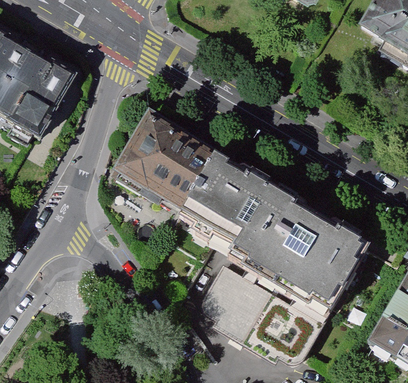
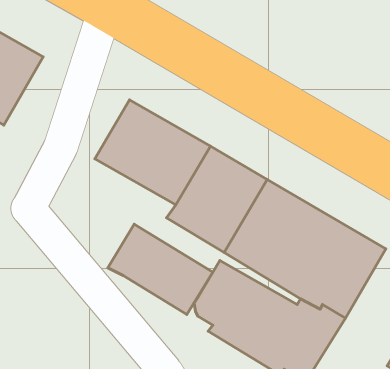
building: none -> [108,224,213,314]

